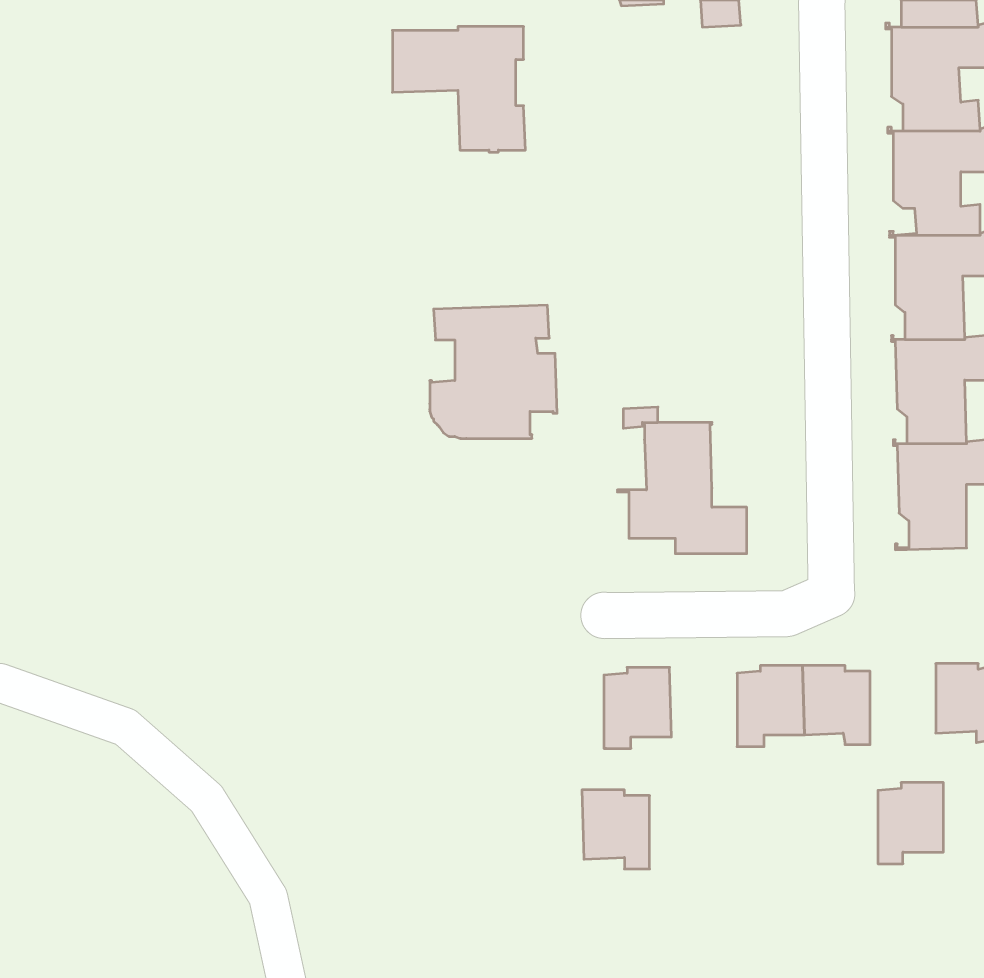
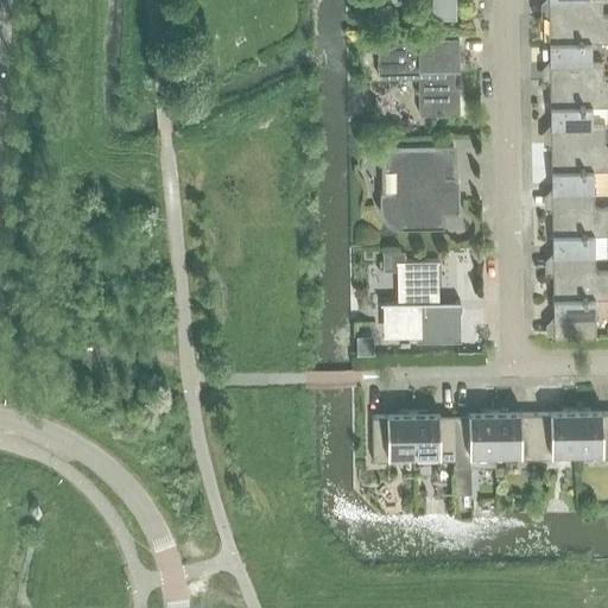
building: [392,27,525,152] -> [379,43,461,120]
building: [430,305,557,438] -> [381,150,460,232]
building: [878,783,943,864] -> [537,413,577,463]
building: [582,790,650,869] -> [413,416,455,464]

